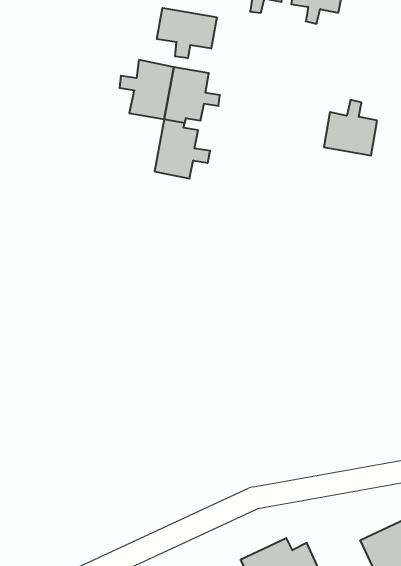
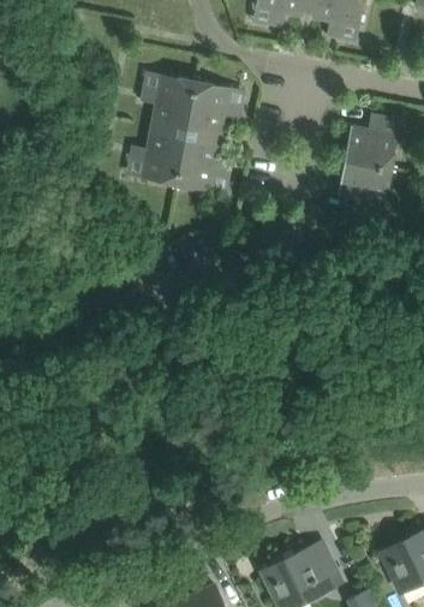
building: [157,8,217,58] -> none
building: none -> [131,126,186,184]
building: none -> [338,160,392,215]

